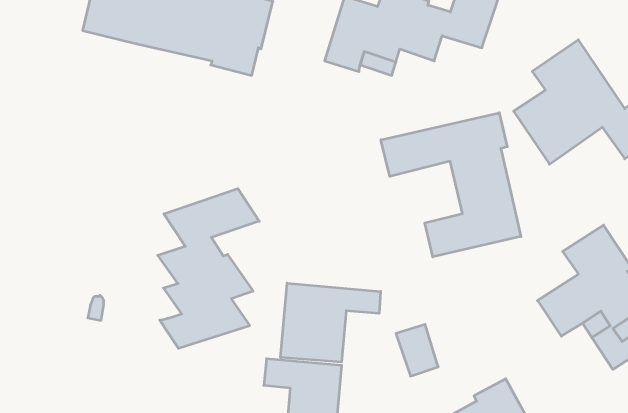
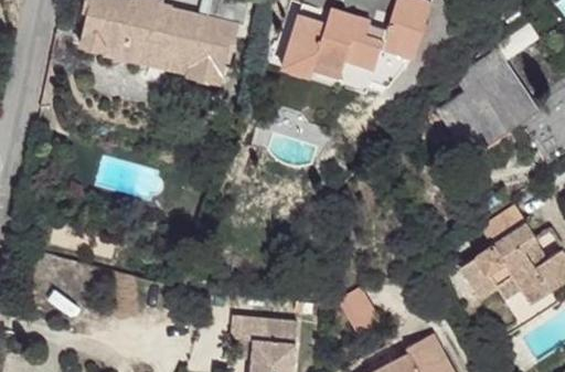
building: [381,113,521,257] -> none
building: [158,189,259,348] -> none
building: [281,283,381,362] -> none

